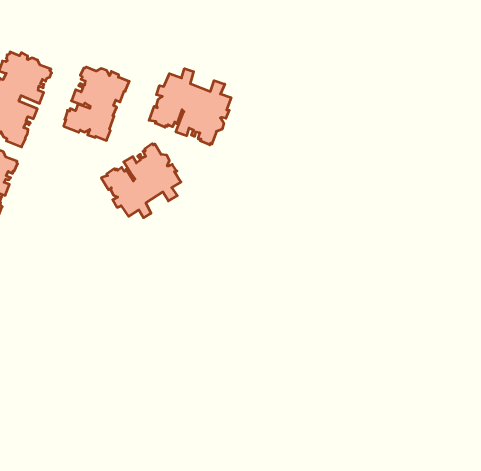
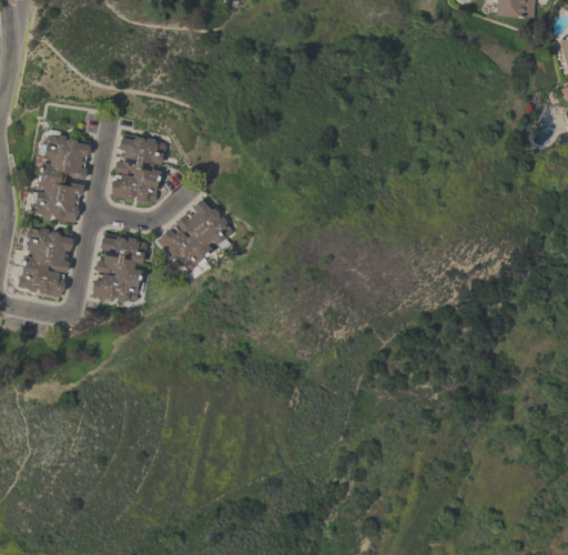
building: [149,69,231,145] -> none
building: none -> [93,235,146,303]

